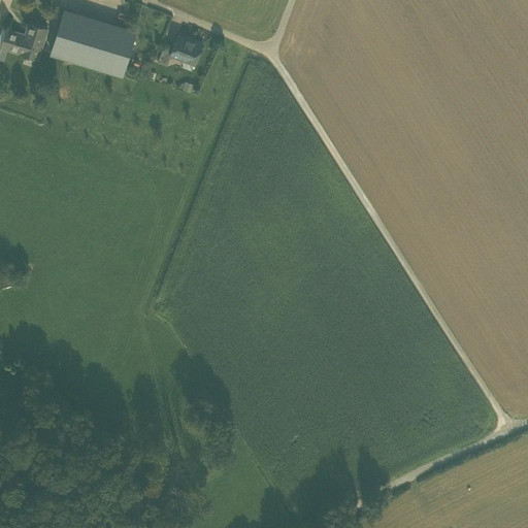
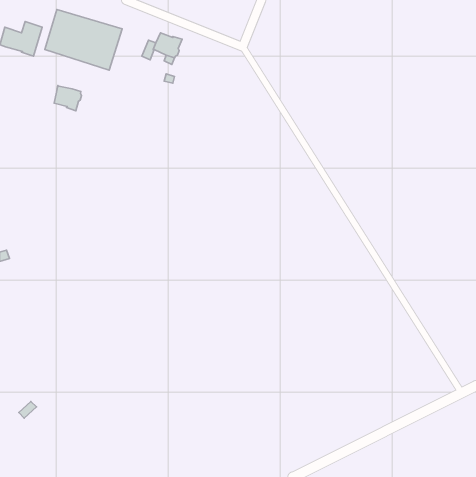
building: none -> [54,85,81,111]

